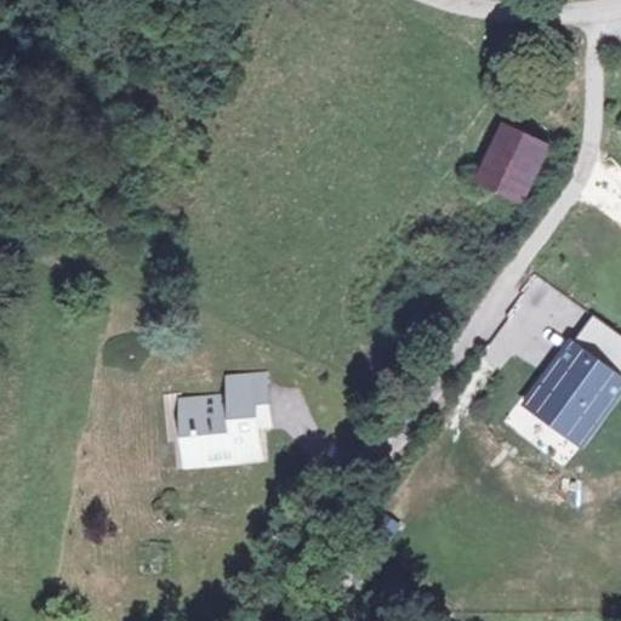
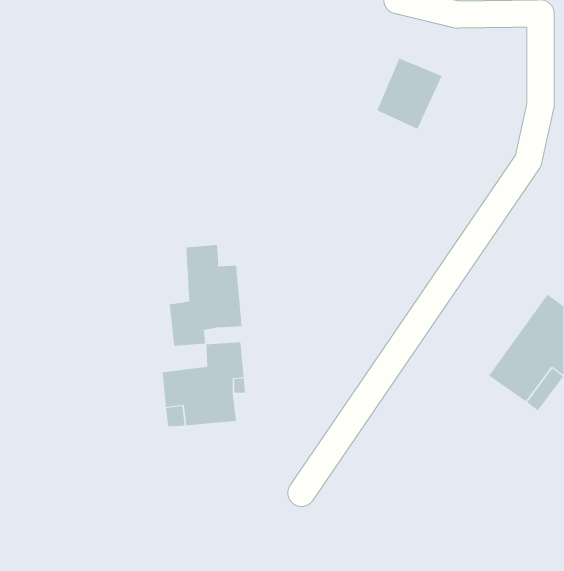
building: [474,126,546,204] -> [377,58,443,129]
building: none -> [169,244,242,347]

